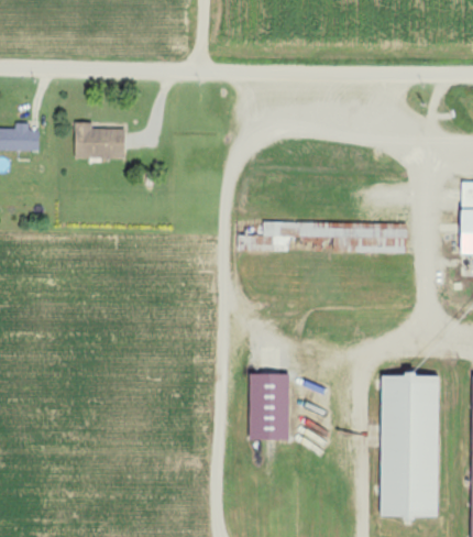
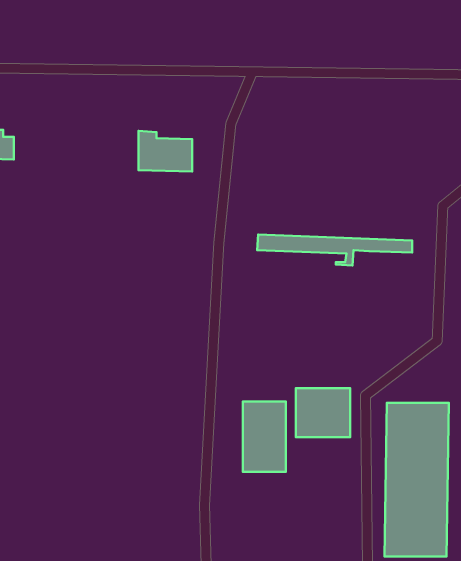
building: [75,121,124,158] -> [138,131,192,171]
building: none -> [296,388,350,437]

